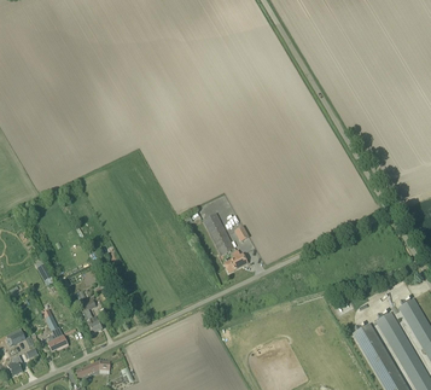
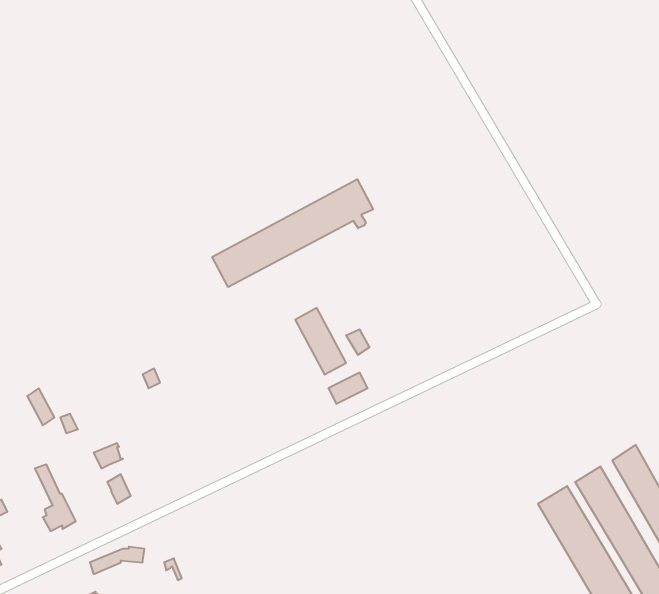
building: none -> [212,179,373,287]

